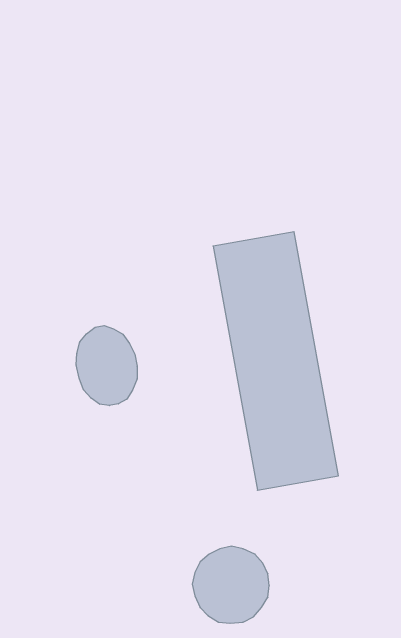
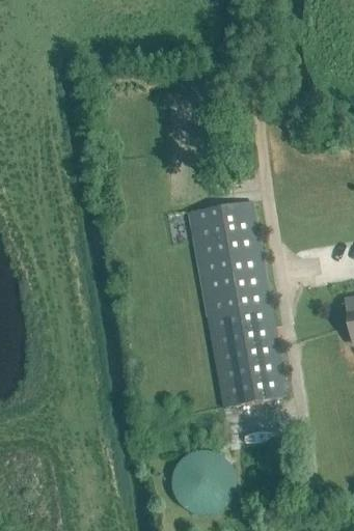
building: [76,326,137,406] -> none

